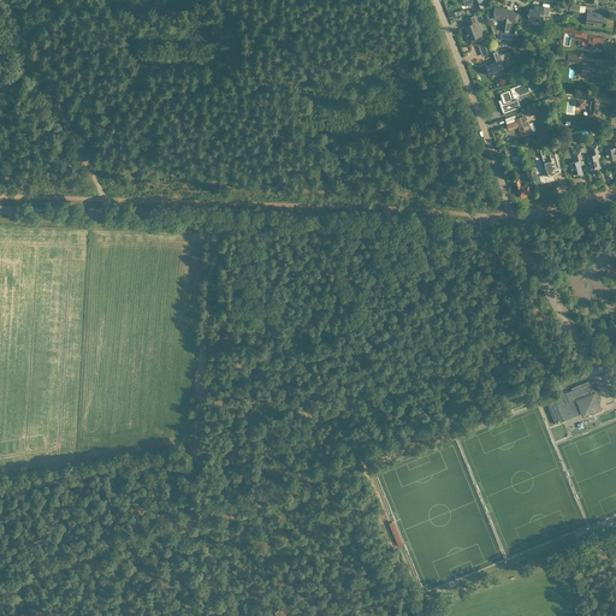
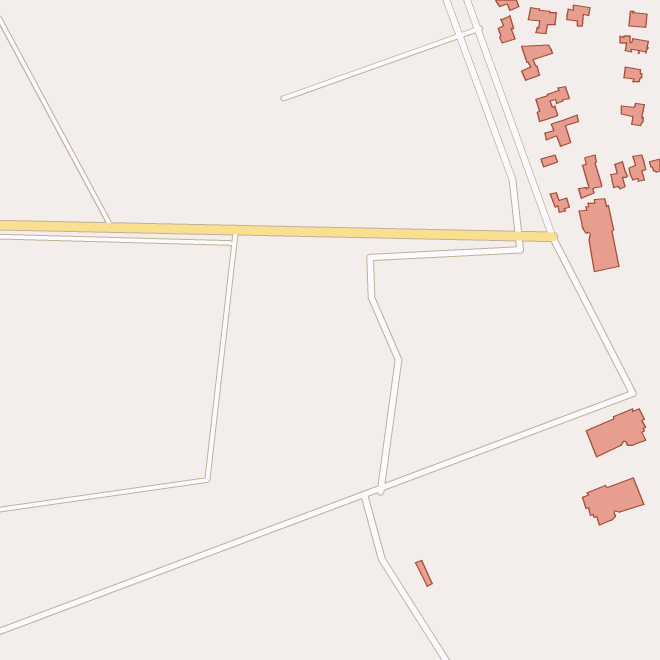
building: none -> [579,199,619,272]
building: none -> [583,478,644,525]

